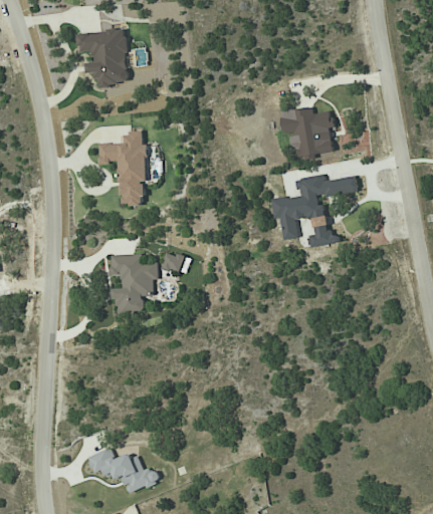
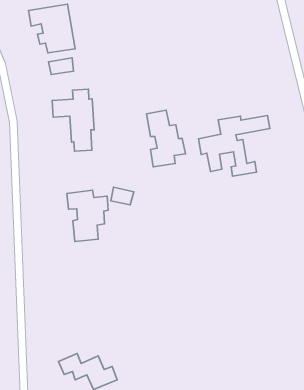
building: none -> [49,58,74,74]
building: [279,106,334,158] -> none
building: none -> [147,110,185,167]

